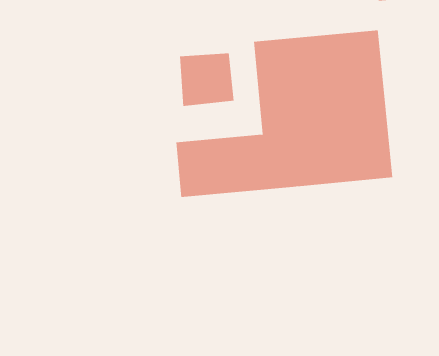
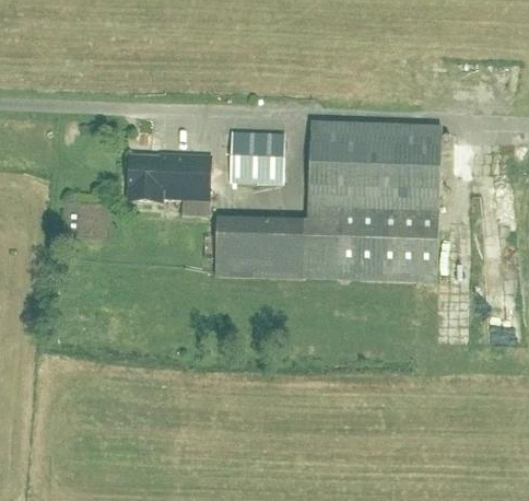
building: none -> [128,151,211,214]

